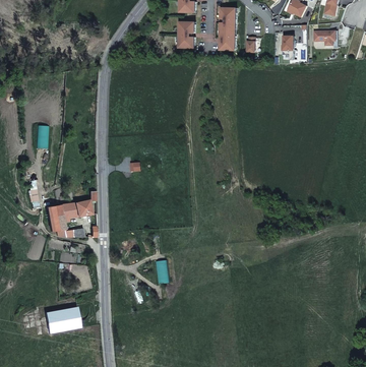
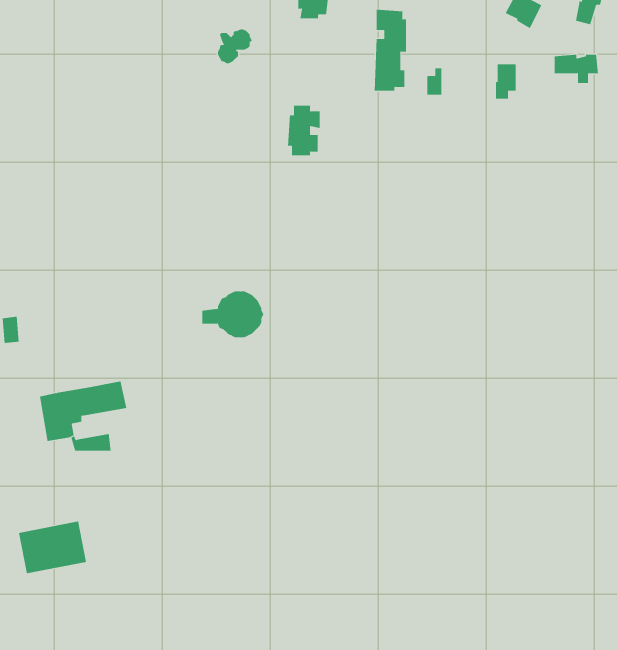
building: [177,21,194,48] -> [287,105,320,156]
building: [43,306,78,333] -> [18,521,87,574]

